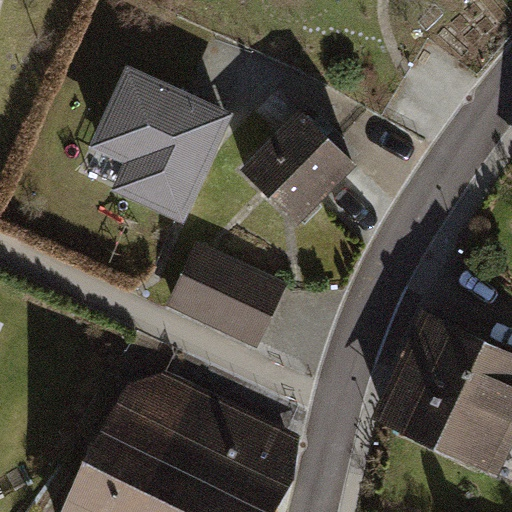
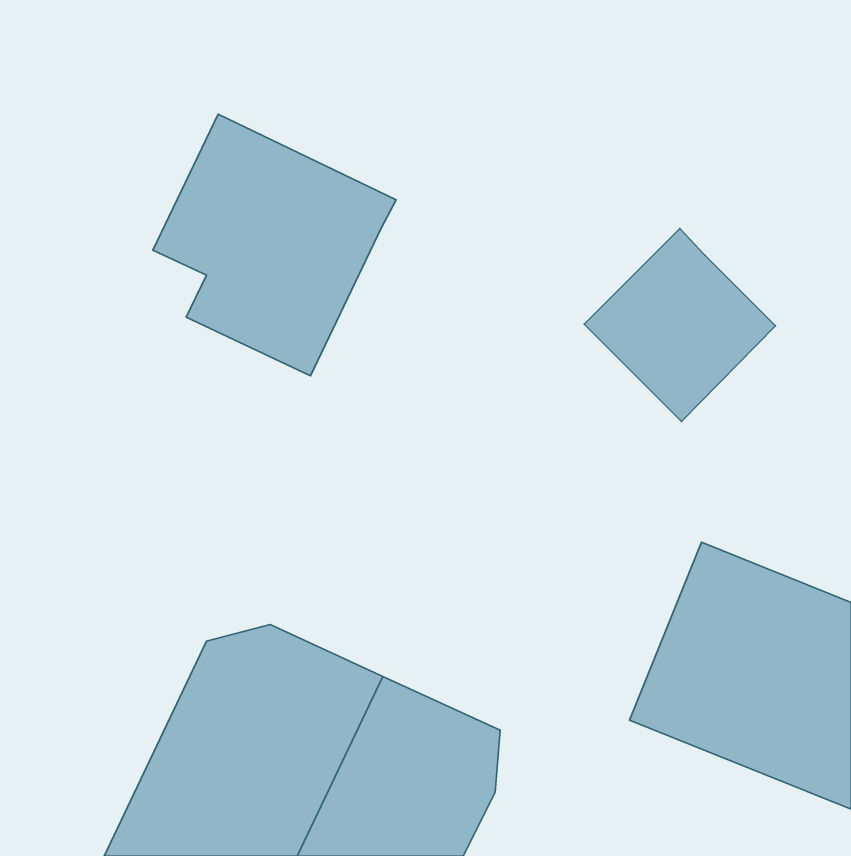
building: [243,113,357,228] -> [584,228,775,421]
building: [171,244,285,344] -> none

